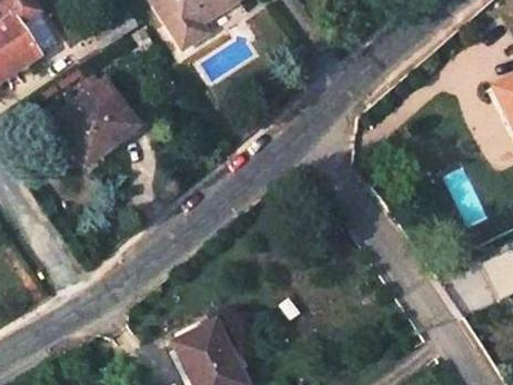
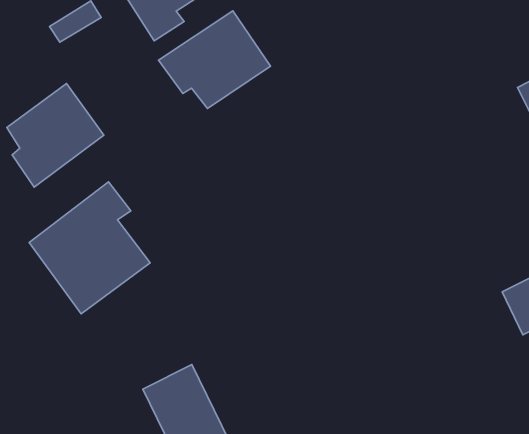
building: none -> [159,11,271,108]
building: none -> [29,182,150,314]

